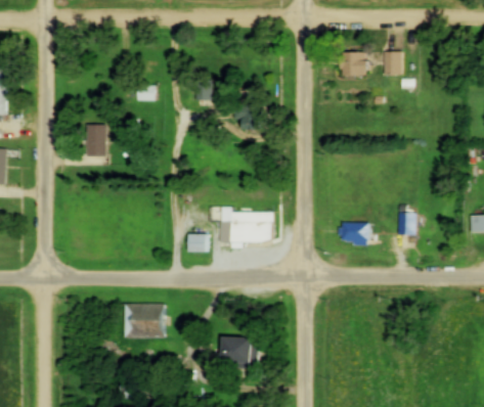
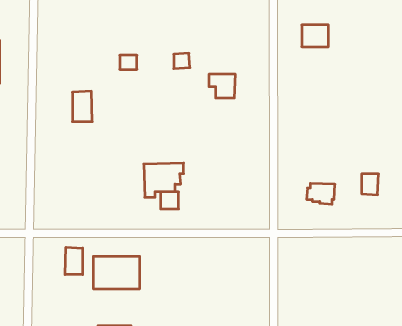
building: [381,52,398,76] -> none
building: [233,212,276,248] -> [144,163,184,197]
building: none -> [65,247,83,275]
building: [218,336,254,367] -> none

